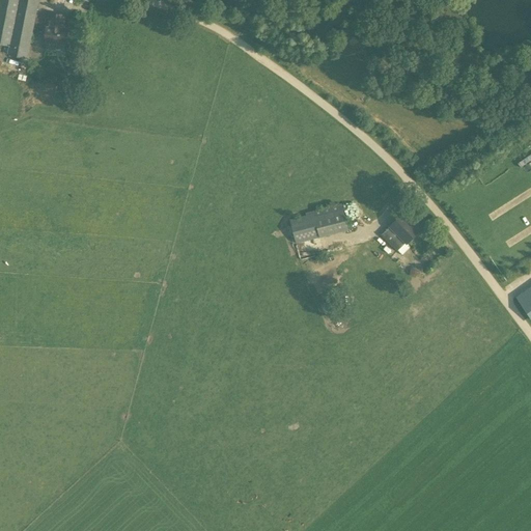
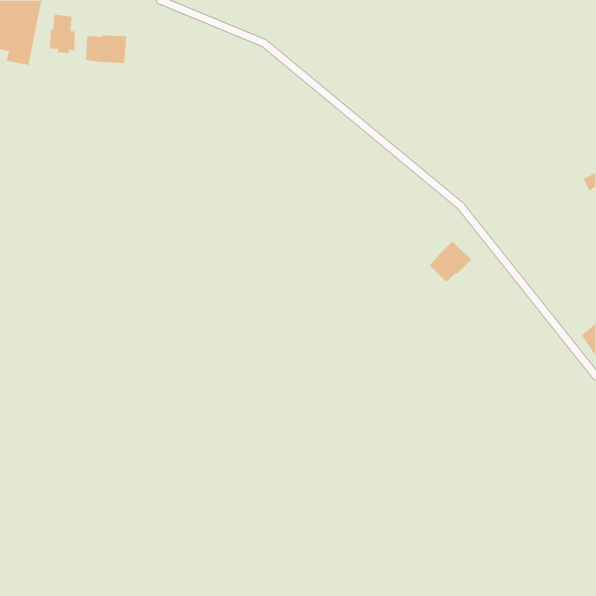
building: none -> [85,35,127,64]
building: [289,204,347,244] -> none

